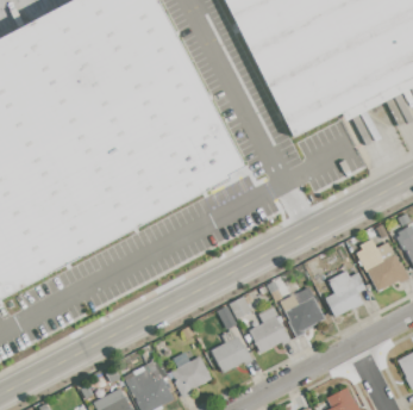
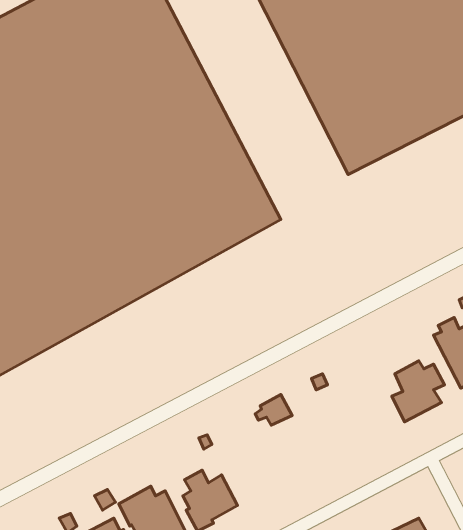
building: [281,296,325,337] -> none
building: [249,309,289,353] -> none
building: [212,330,252,373] -> none

